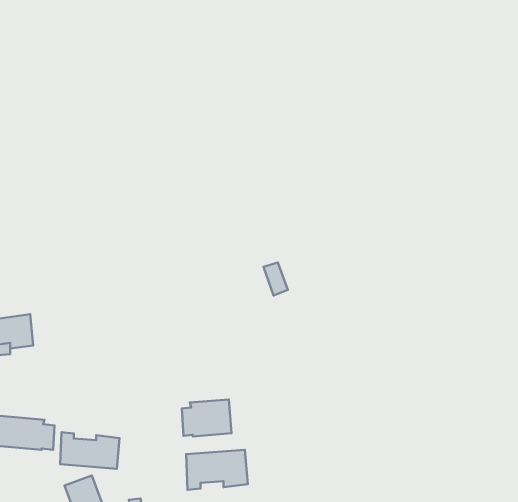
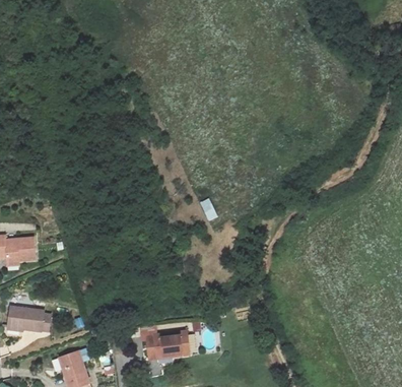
building: [182,399,232,436] -> none
building: [60,432,120,469] -> none

